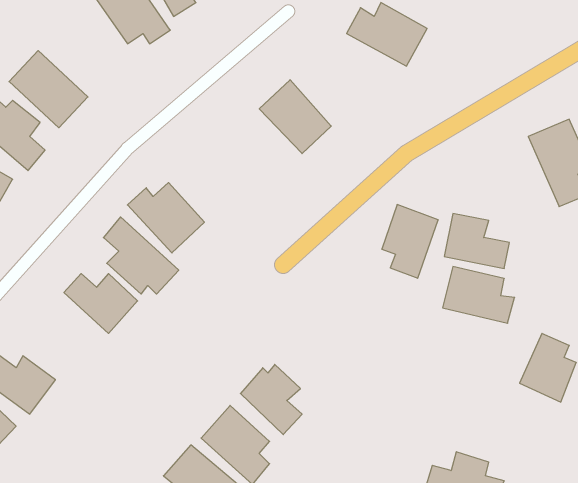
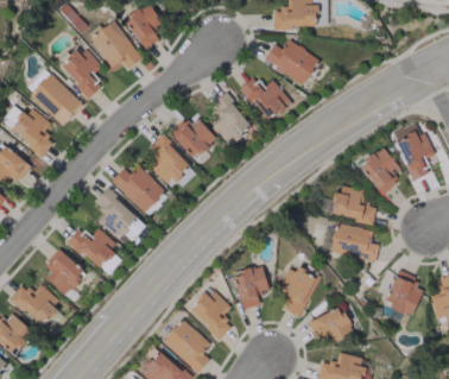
building: none -> [62,46,103,99]
building: none -> [241,77,291,121]
building: none -> [171,119,217,160]
building: none -> [150,135,196,191]
building: none -> [359,146,401,195]
building: [382,205,438,278] -> [278,266,317,317]
building: none -> [44,249,86,296]
building: none -> [234,266,268,309]
building: none -> [309,307,353,346]

